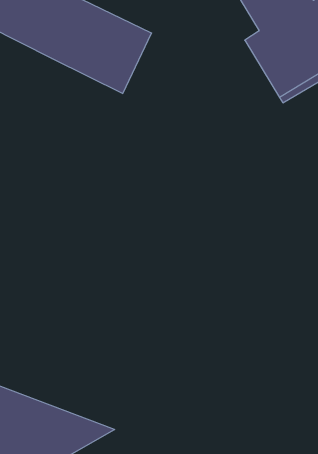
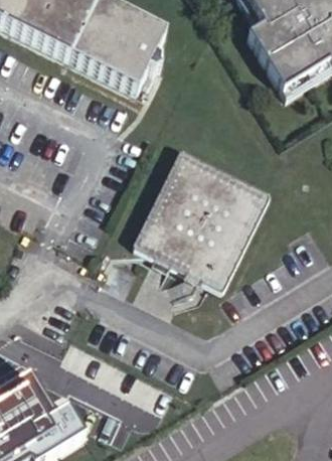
building: none -> [132,155,269,296]

